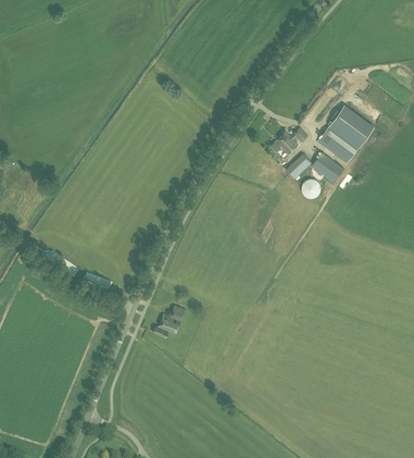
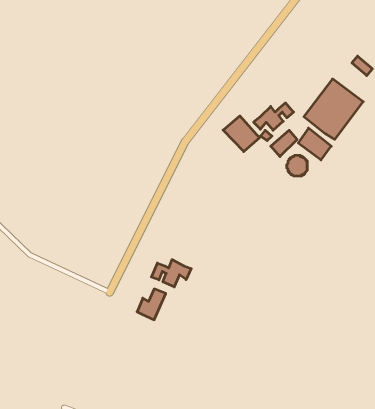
building: none -> [223,116,259,152]
building: none -> [151,260,191,287]

